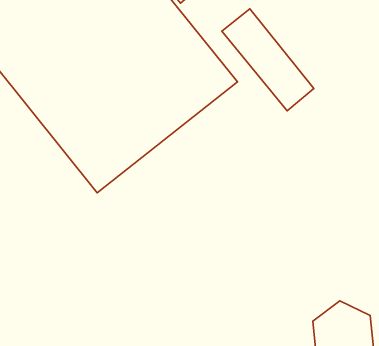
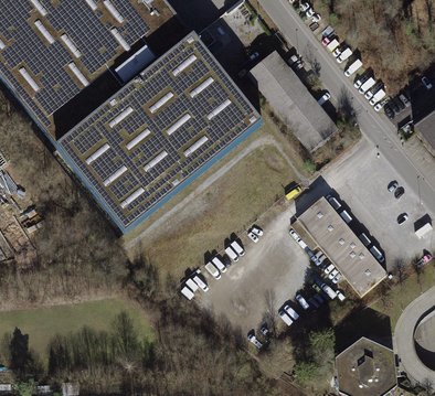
building: none -> [291,195,388,293]

